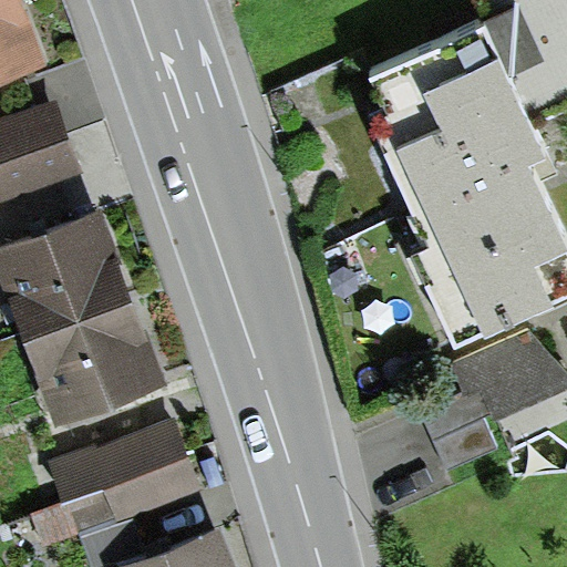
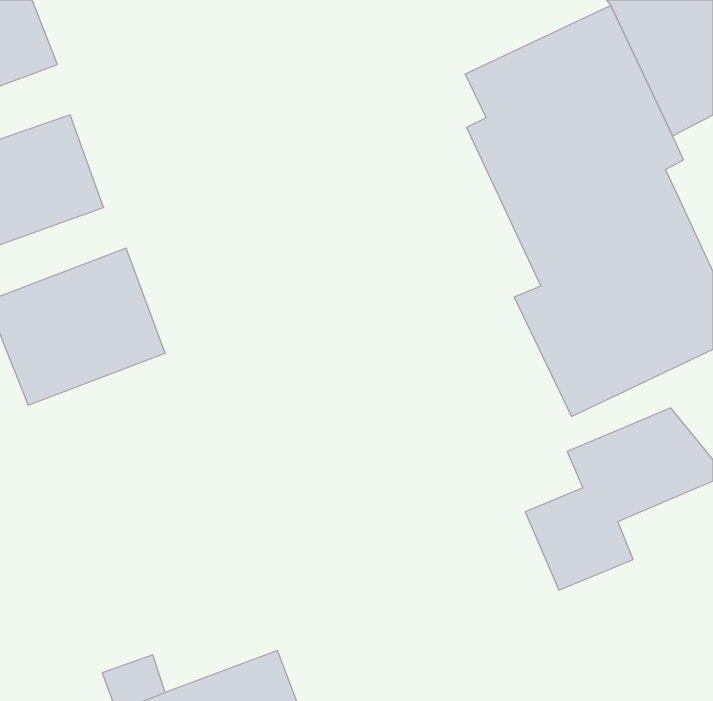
building: [22,291,166,424] -> none
building: [29,423,202,554] -> none

